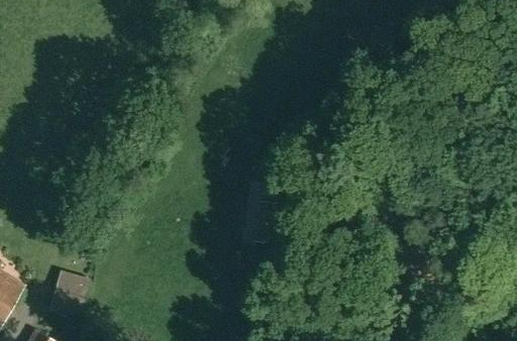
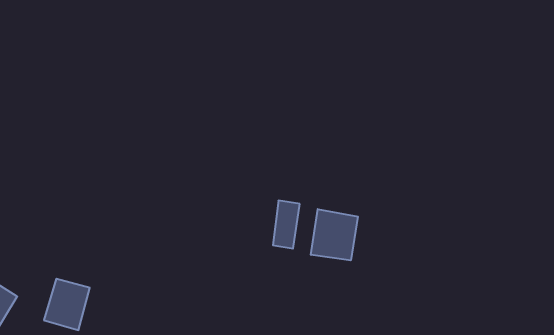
building: none -> [311,209,358,260]

